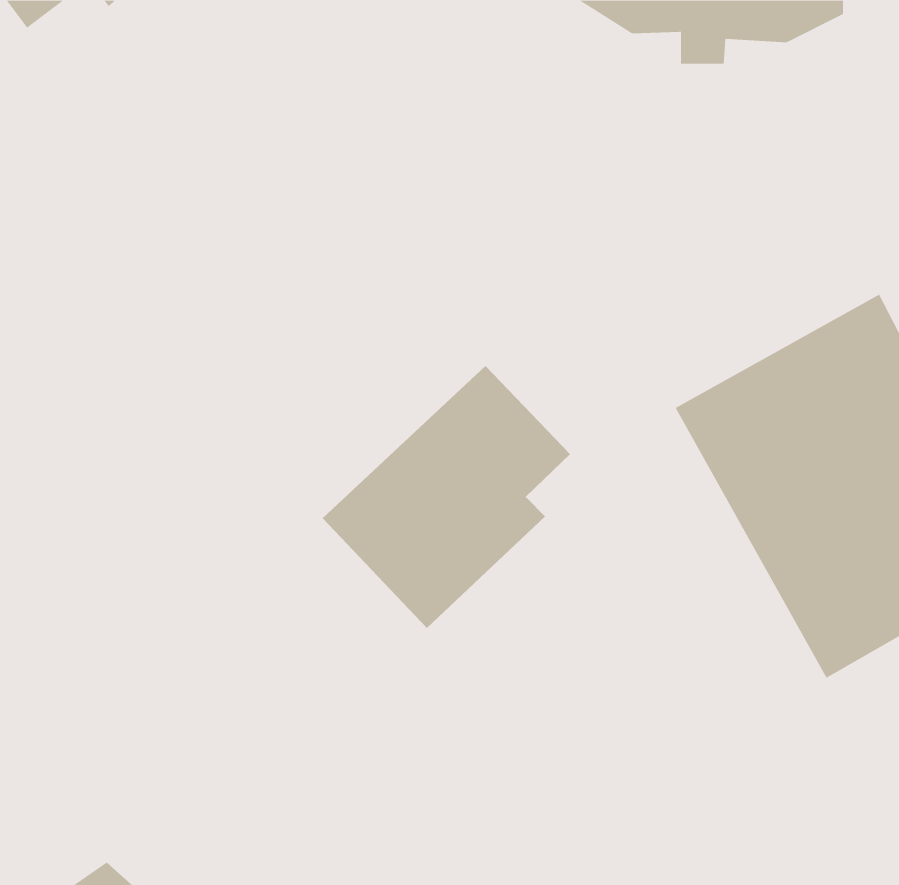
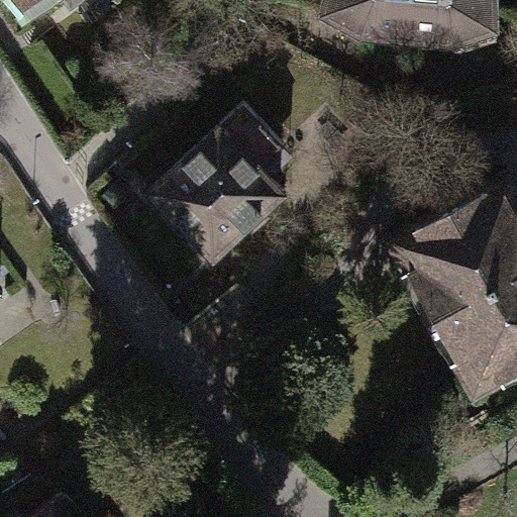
building: [322,365,571,629] -> [150,113,292,263]

